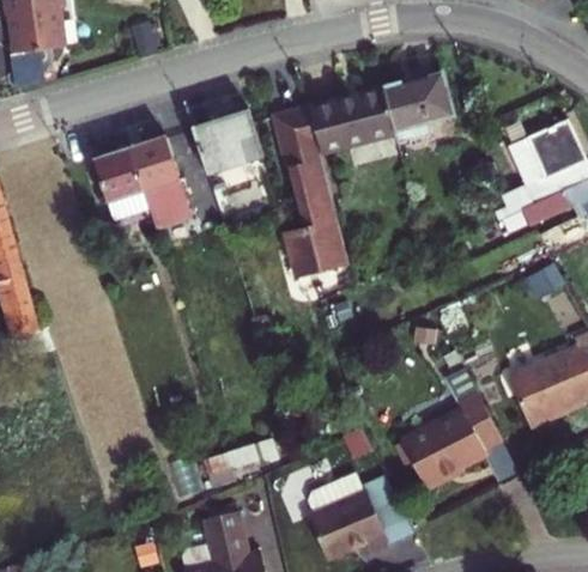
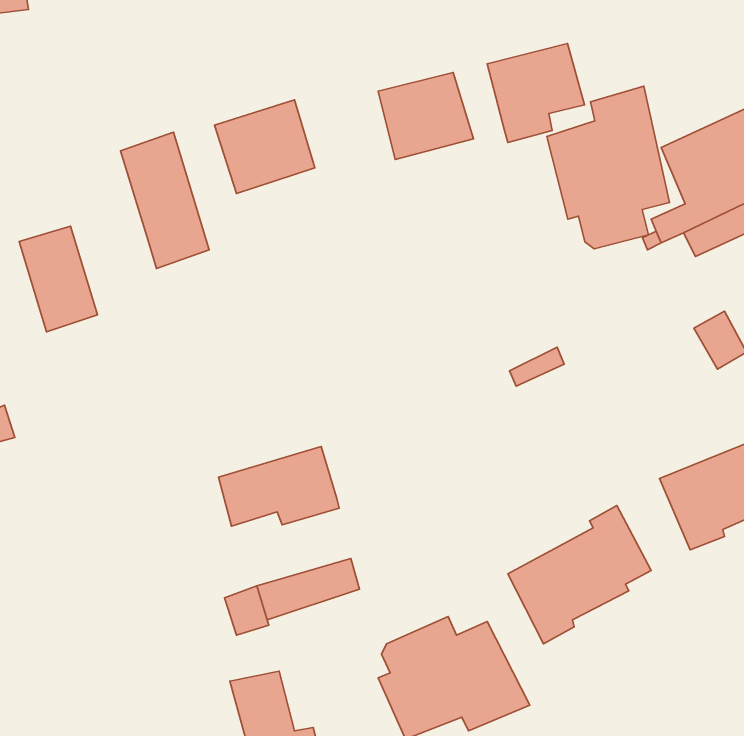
building: [360,86,396,139] -> none
building: none -> [547,86,669,249]
building: [273,105,347,276] -> none
building: [91,147,146,221] -> [19,226,98,332]
building: none -> [219,446,339,526]

